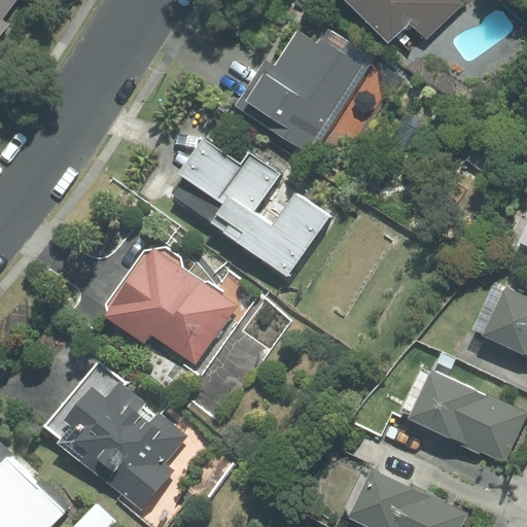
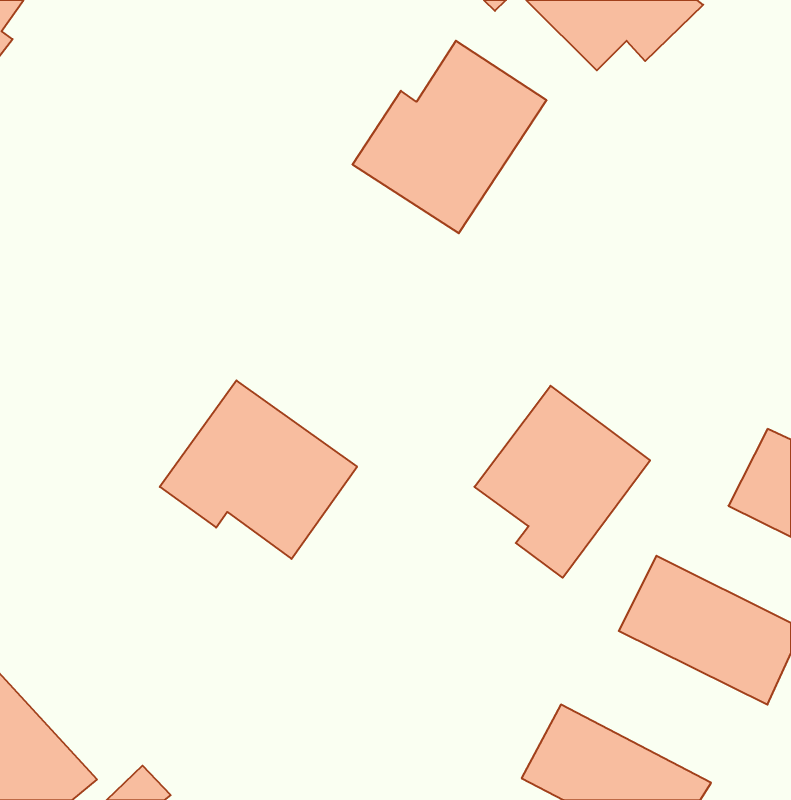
building: [184,140,332,279] -> none
building: none -> [474,386,650,578]
building: [52,370,182,508] -> none

